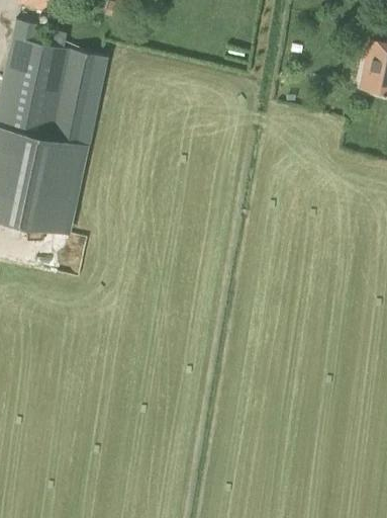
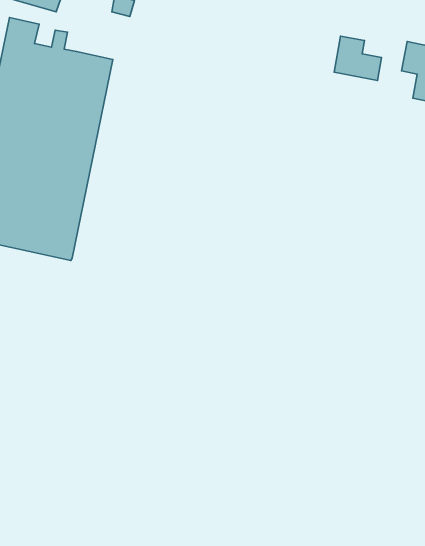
building: none -> [334,36,381,80]

